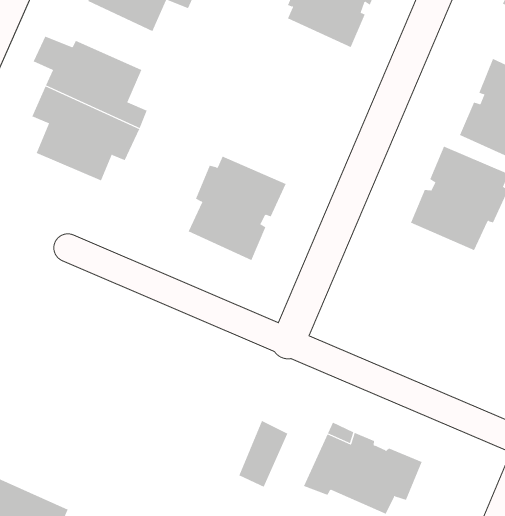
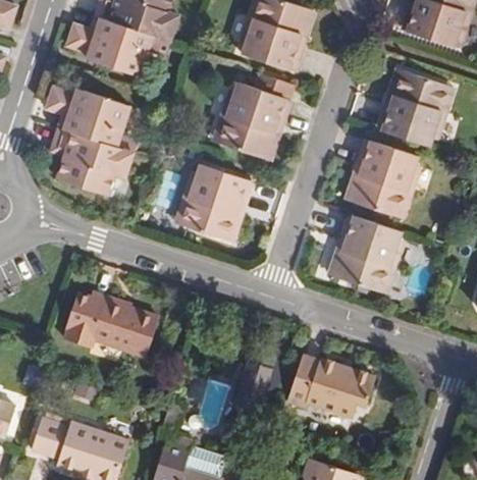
building: none -> [217,75,293,161]
building: none -> [331,213,404,290]
building: none -> [69,294,162,357]

